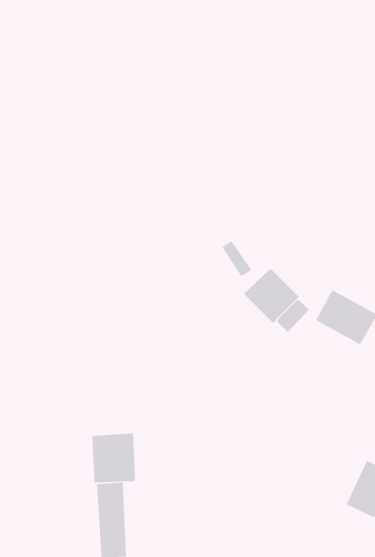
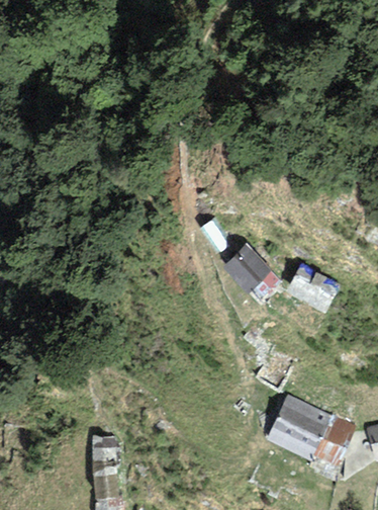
building: [92,433,136,484] -> none
building: none -> [265,394,330,459]

